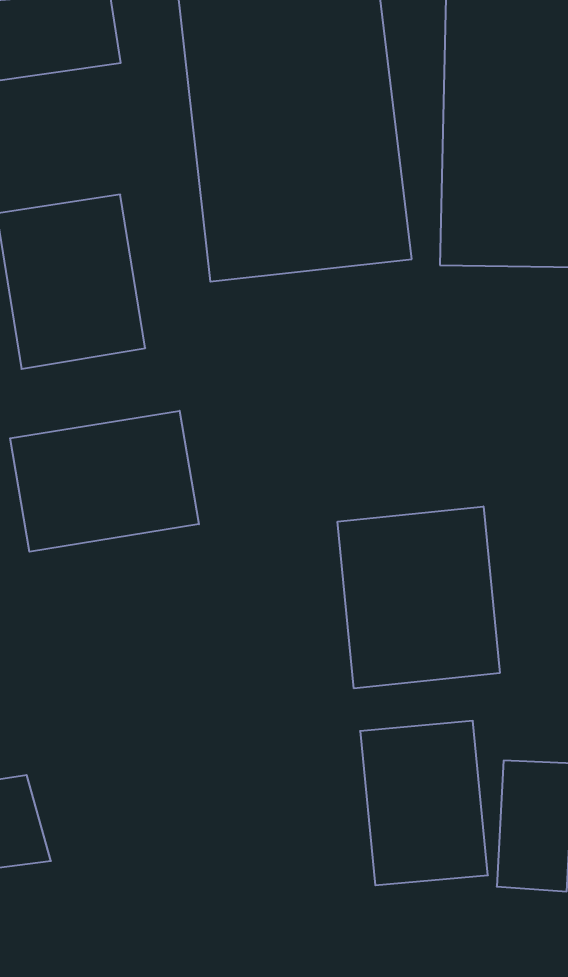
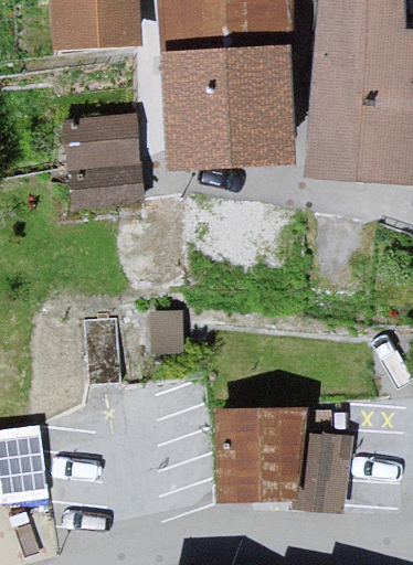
building: [10,411,199,552] -> none
building: [338,506,500,688] -> none

